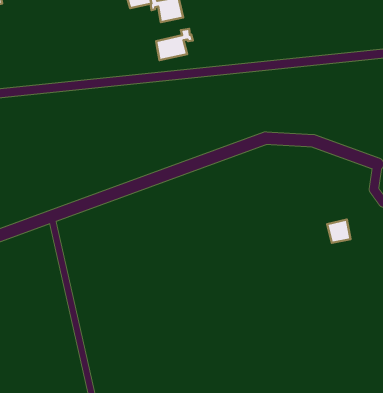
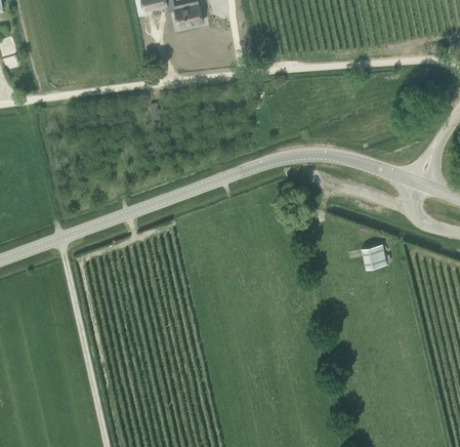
building: [156,29,193,60] -> none

